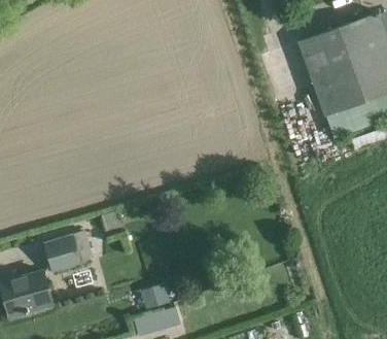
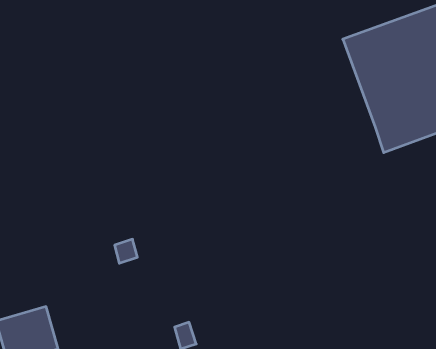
building: [43,230,94,272] -> none

